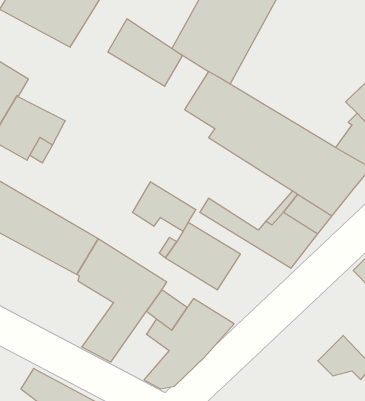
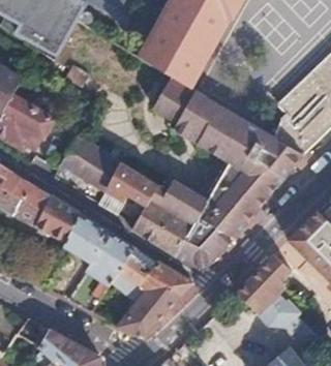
building: [108,19,183,86] -> [62,135,123,190]
building: none -> [154,188,238,271]
building: none -> [236,253,292,312]

